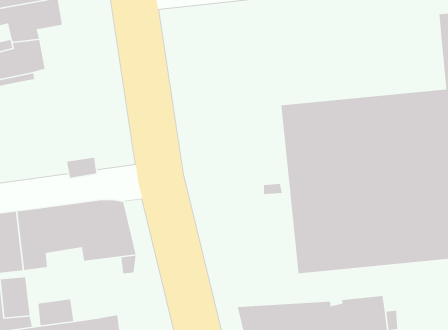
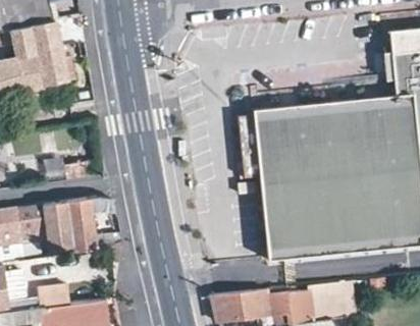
building: none -> [35,44,70,83]

